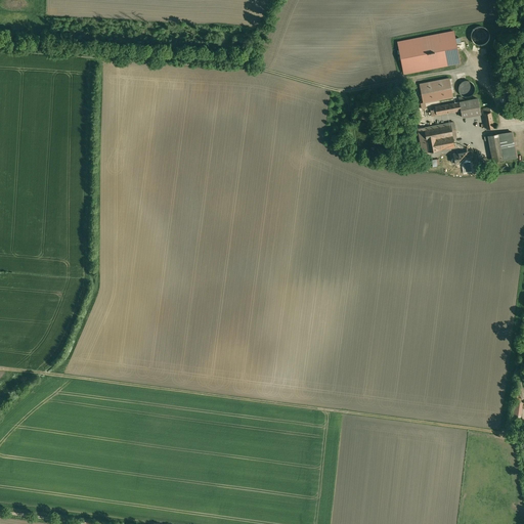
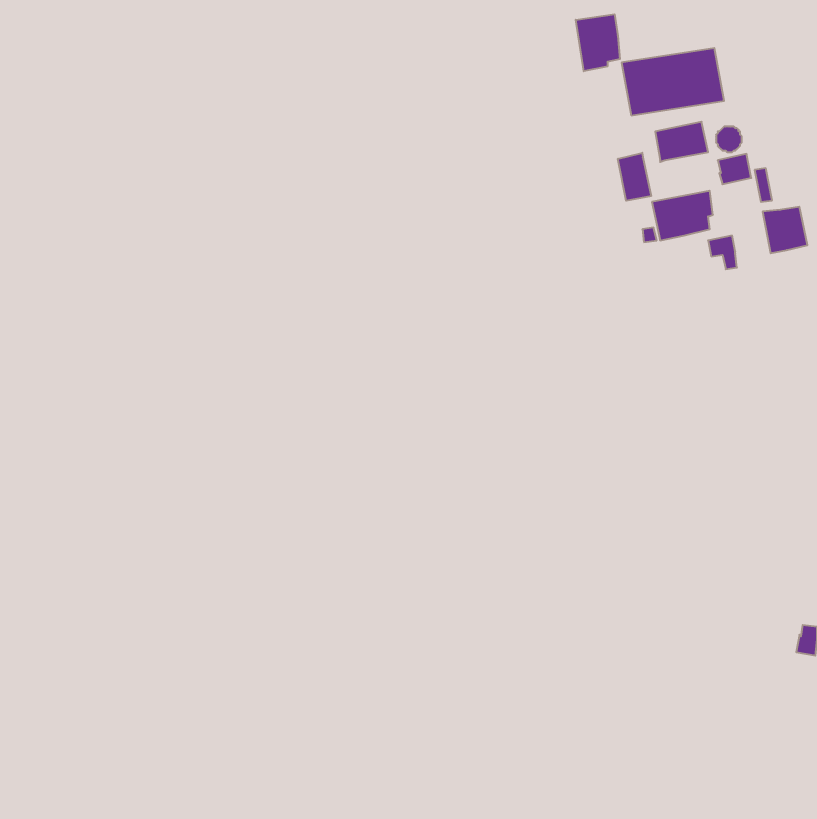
building: none -> [576,14,620,71]
building: none -> [618,153,651,201]

